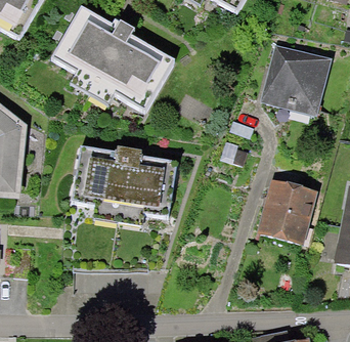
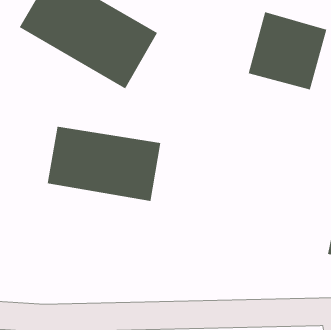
building: [254,181,316,249] -> none

